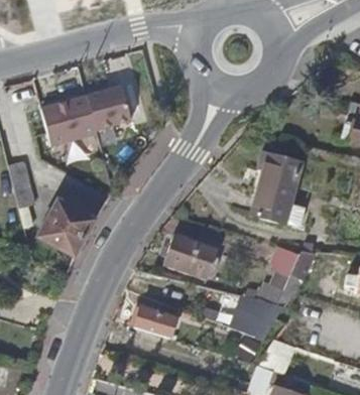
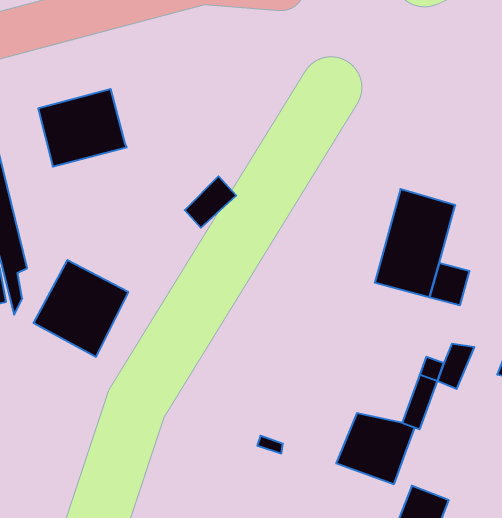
building: [86,82,128,125] -> none
building: [166,236,219,279] -> none
building: [136,307,177,339] -> none

